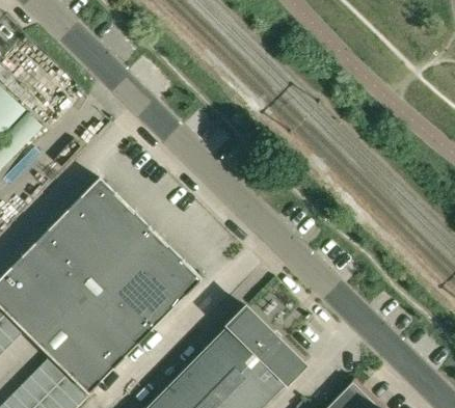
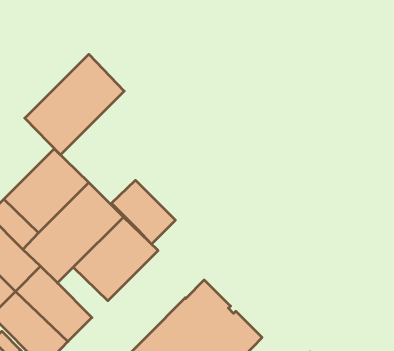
building: none -> [25,54,124,155]
building: none -> [112,180,175,244]
building: [101,296,151,346] -> none

